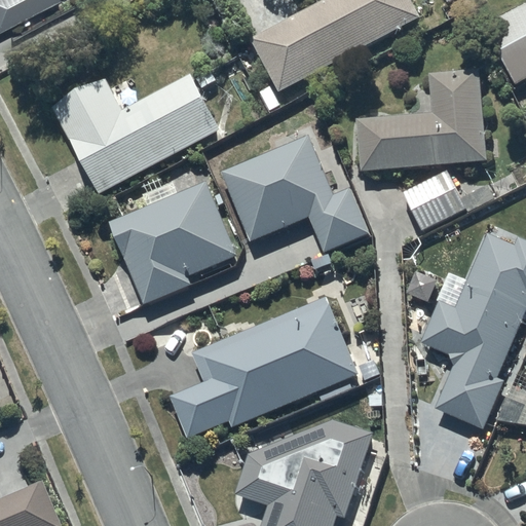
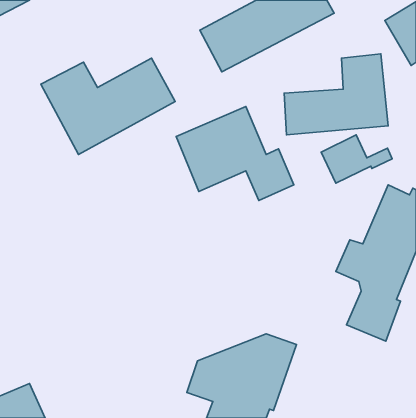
building: [109,182,235,303] -> none
building: [171,295,359,438] -> none

